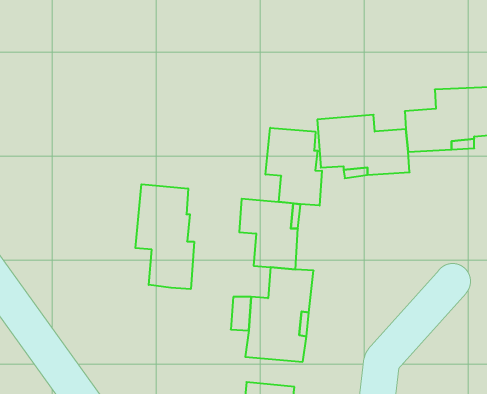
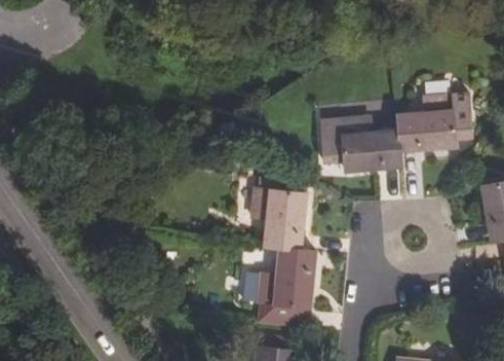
building: [266,128,322,206] -> none
building: [135,184,194,289] -> none

